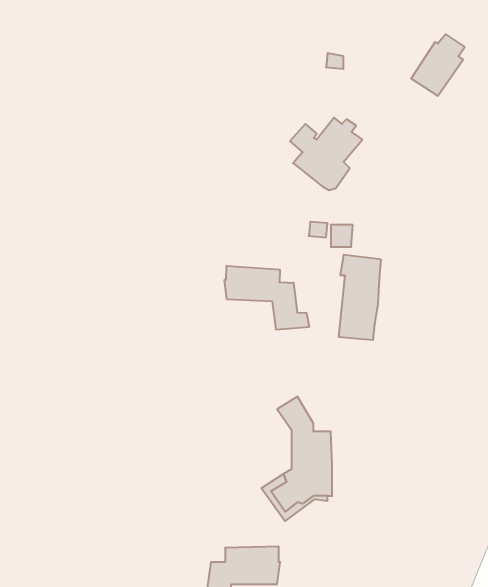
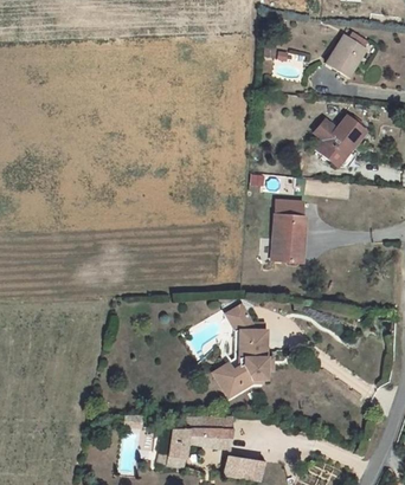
building: [290,118,362,190] -> [314,115,368,169]
building: [225,266,309,330] -> none

